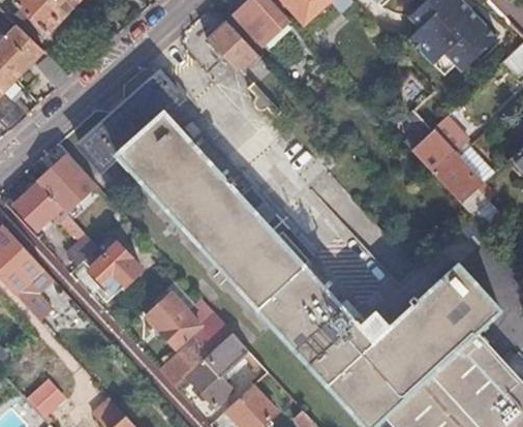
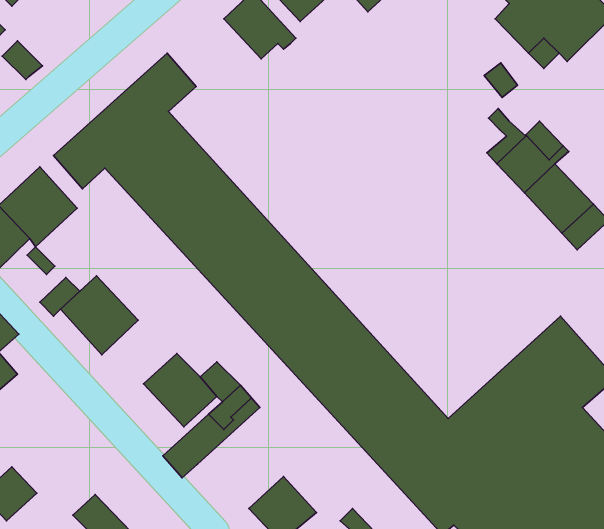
building: [186,333,258,406] -> none

